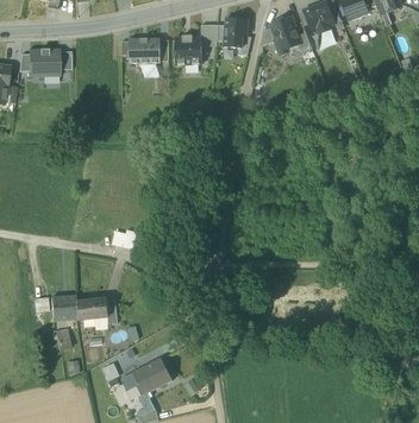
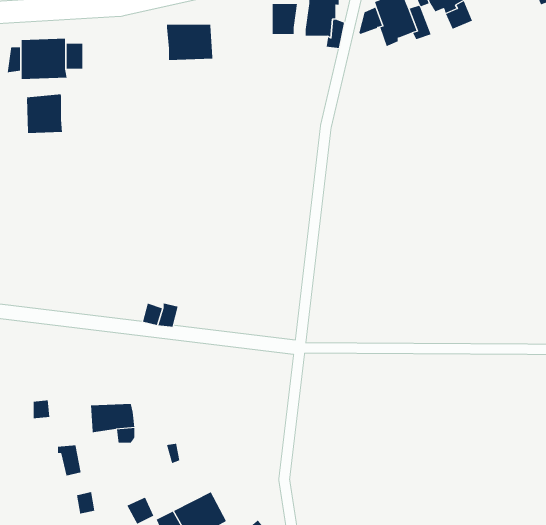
building: [175,34,202,63] -> none
building: none -> [27,94,62,134]
building: [51,295,77,318] -> none

